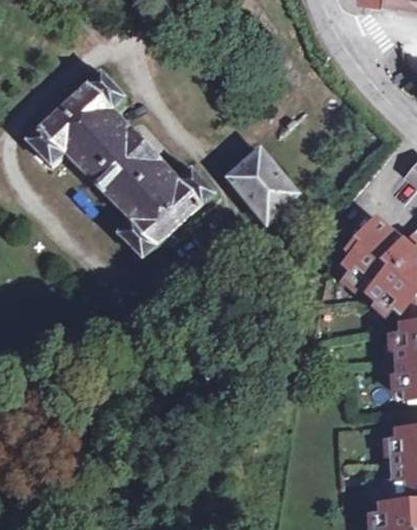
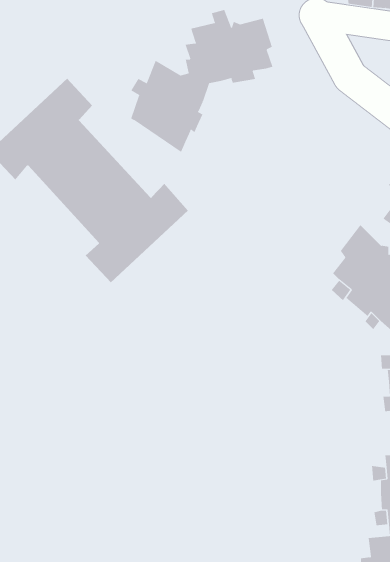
building: none -> [130,9,273,153]
building: [227,154,294,224] -> none

